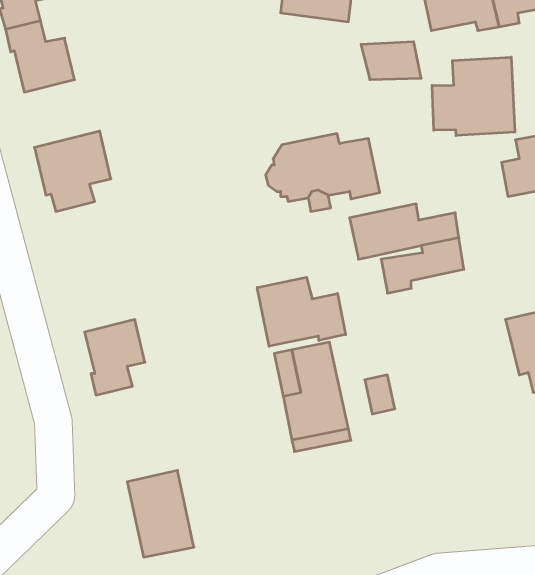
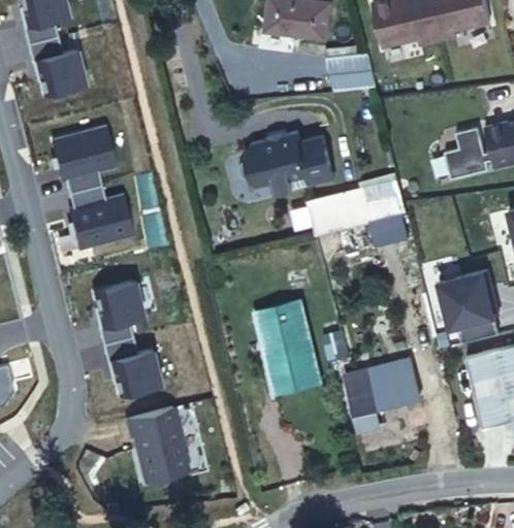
building: [432,57,515,136] -> none
building: none -> [71,186,135,250]
building: [257,277,346,346] -> none
building: none -> [105,337,163,396]
building: none -> [350,359,418,419]

